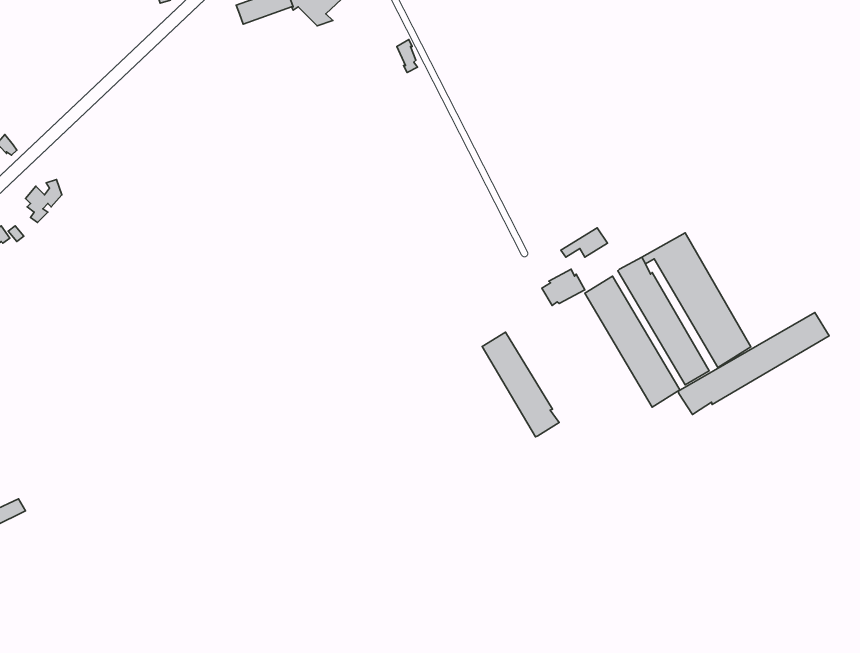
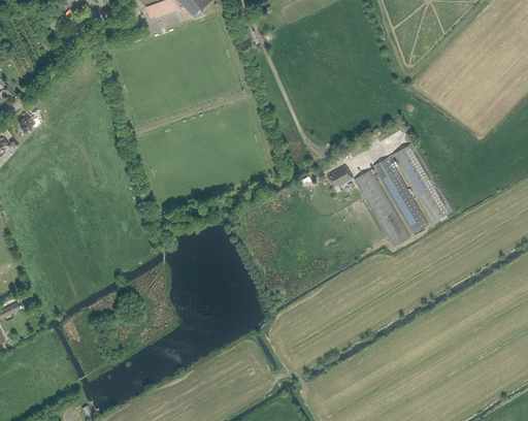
building: [678,312,829,415] -> none
building: [482,332,559,437] -> none

